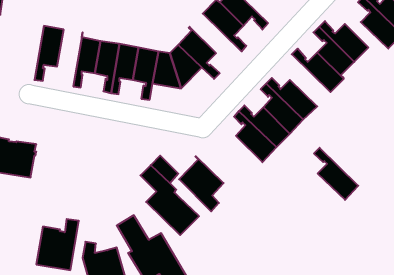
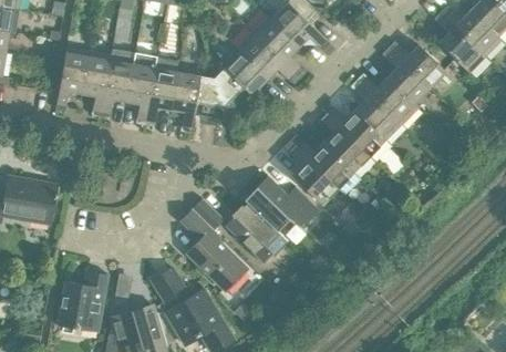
building: none -> [237,31,298,82]
building: none -> [82,50,112,116]
building: none -> [245,174,312,229]
building: [314,148,358,200] -> [350,79,402,139]

